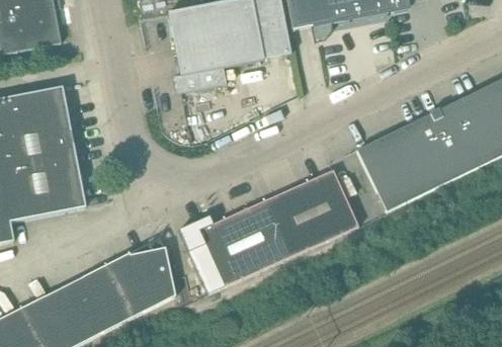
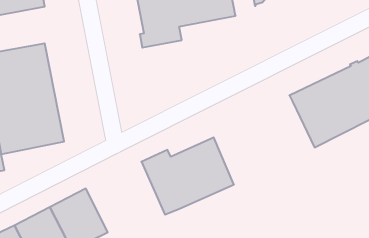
building: [264,170,357,257] -> none
building: [110,238,174,315] -> none

